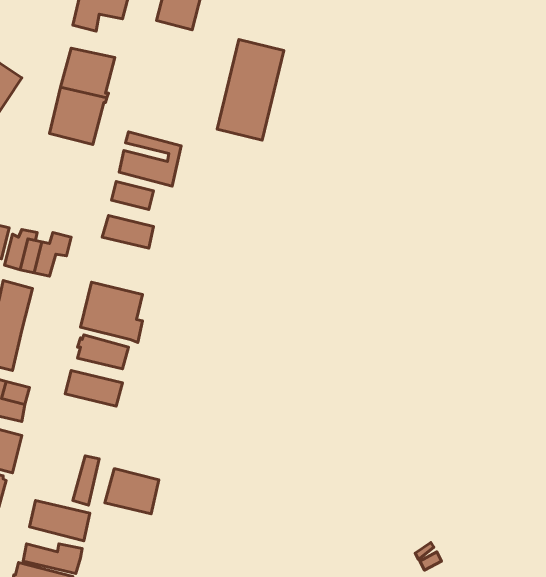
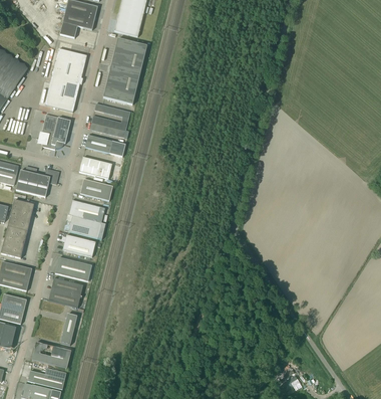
building: [217,39,284,140] -> [103,38,146,104]
building: none -> [37,114,71,149]
building: none -> [80,178,113,200]
building: [105,469,159,514] -> [48,277,83,307]

